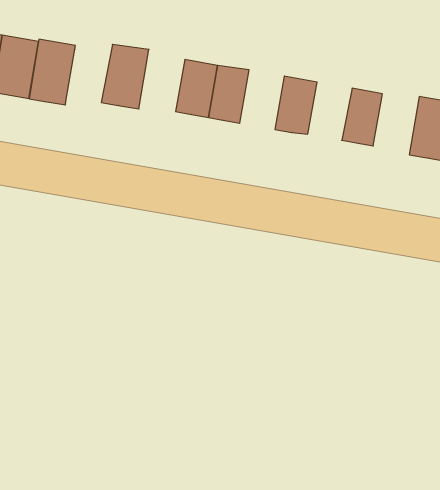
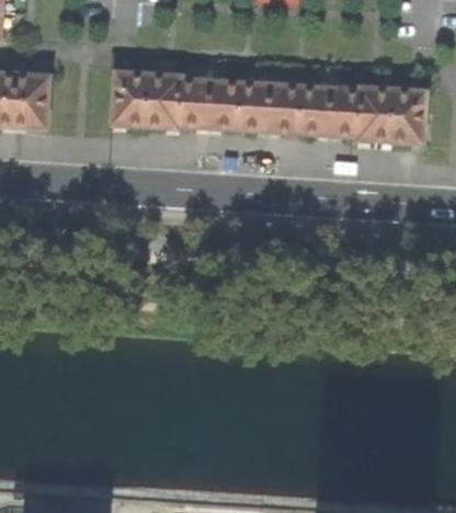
building: [29,39,75,105] -> [145,72,181,128]
building: none -> [236,81,271,132]
building: none -> [297,86,332,135]
building: none -> [356,87,392,141]

